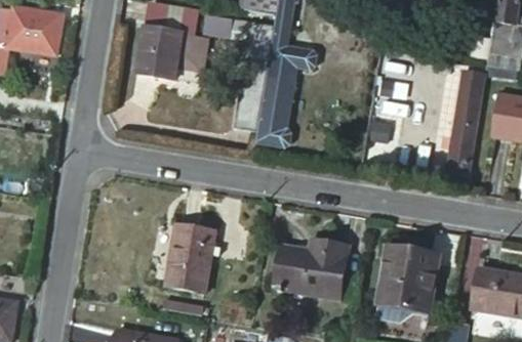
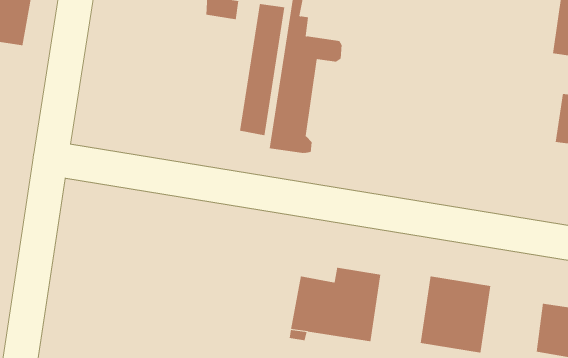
building: [135,28,203,79] -> none
building: [444,88,481,175] -> none
building: [167,222,217,291] -> none

